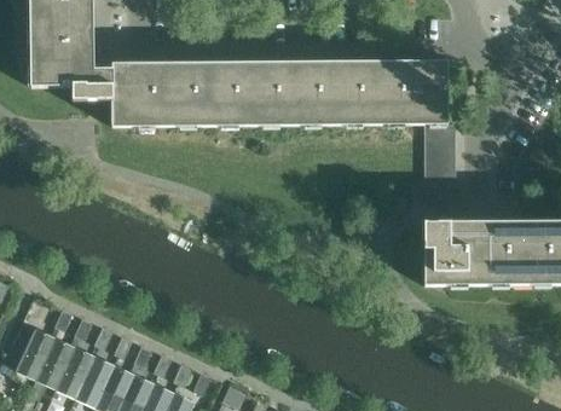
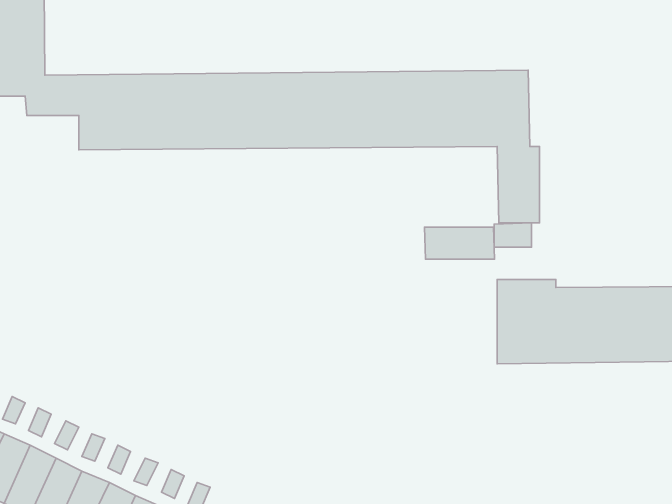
building: none -> [424,227,494,259]

